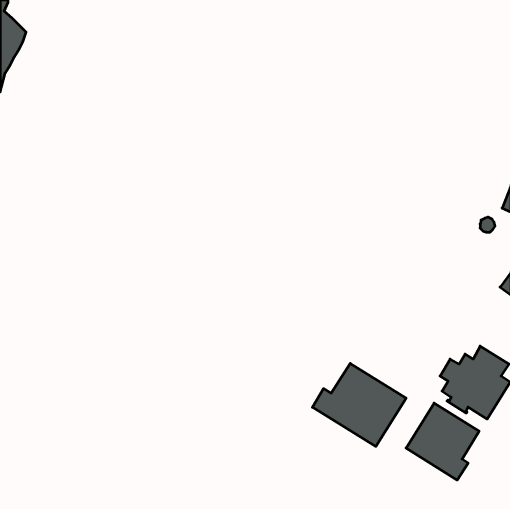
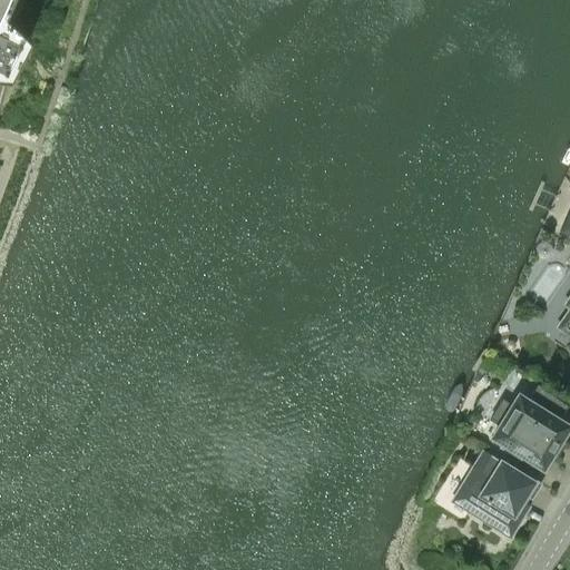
building: [312,363,406,446] -> none

